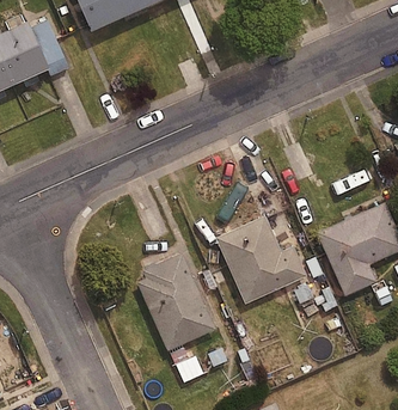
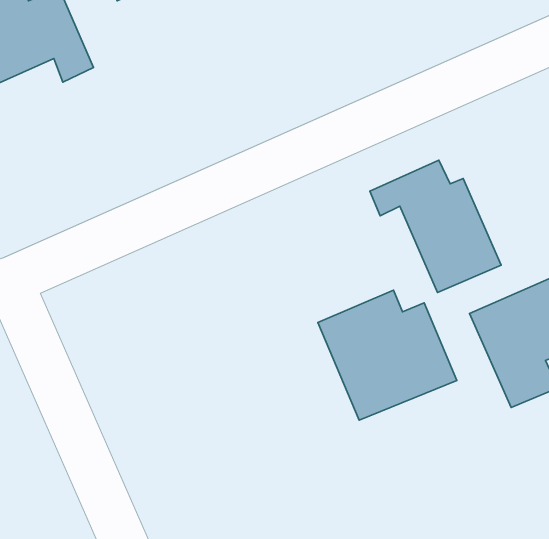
building: none -> [370,160,501,293]
building: [134,255,226,371] -> none

